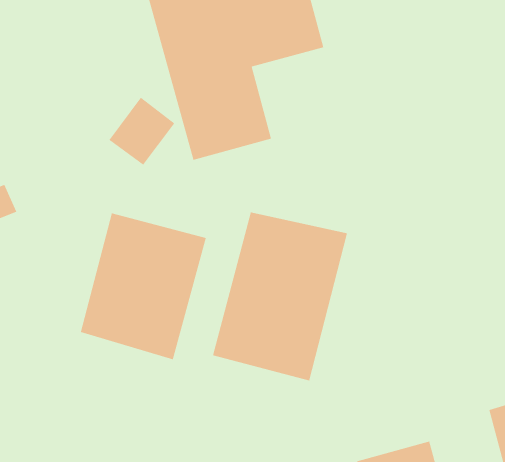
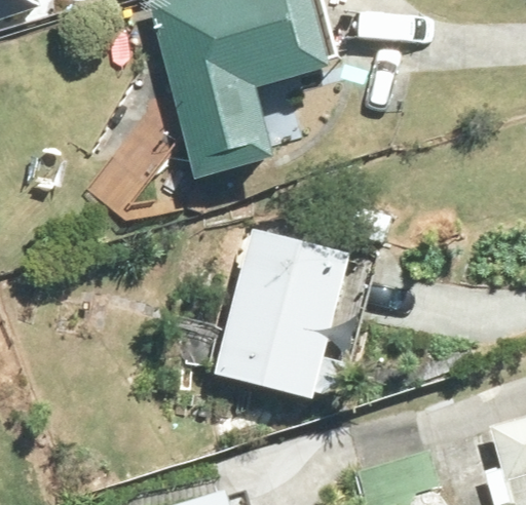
building: [80,213,206,360] -> none

